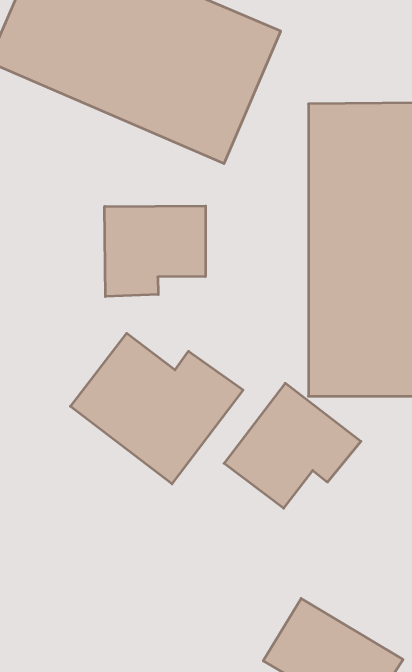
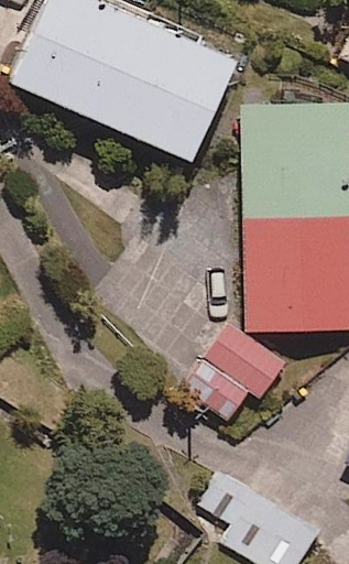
building: [105,206,206,297] -> none
building: [70,333,243,484] -> none

